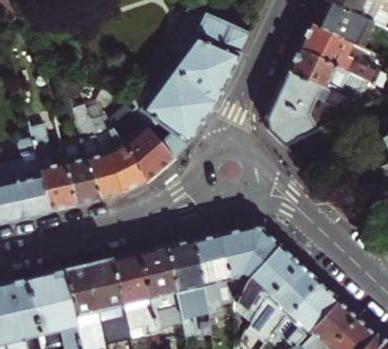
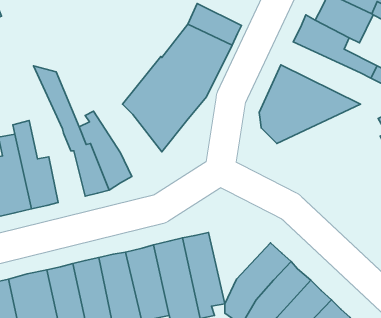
building: [289,49,378,109] -> none
building: [108,111,174,179] -> none
building: [62,137,100,204] -> none
building: [219,225,279,302] -> none

